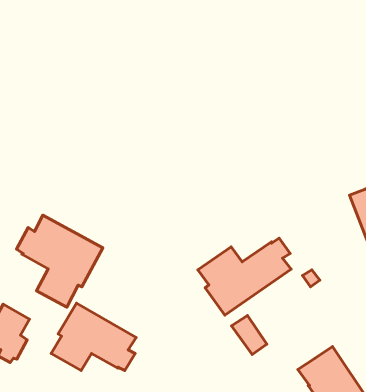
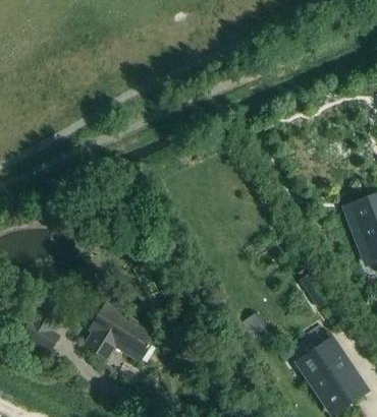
building: [17,215,103,307] -> none
building: [198,238,291,315] -> none

